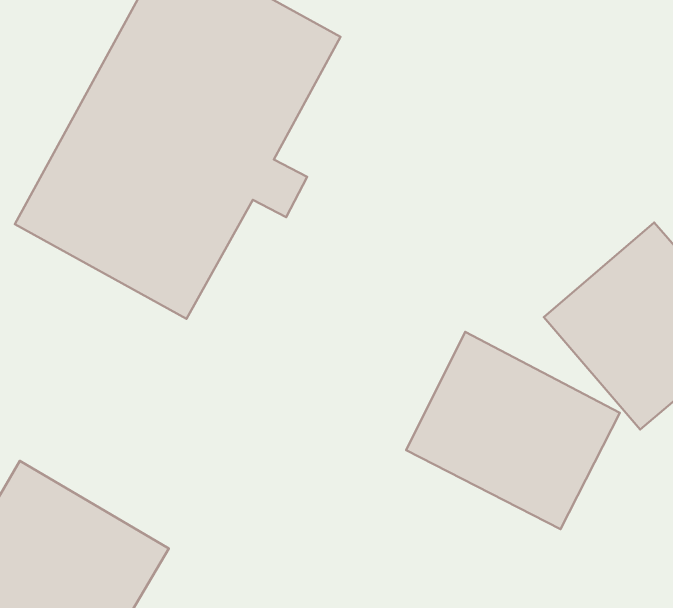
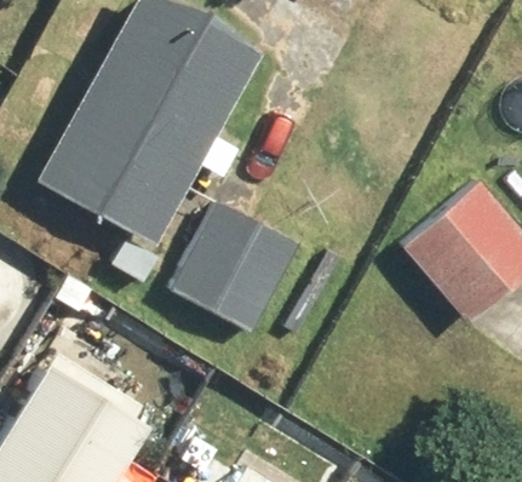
building: none -> [174,203,302,334]
building: [406,332,620,529] -> none

